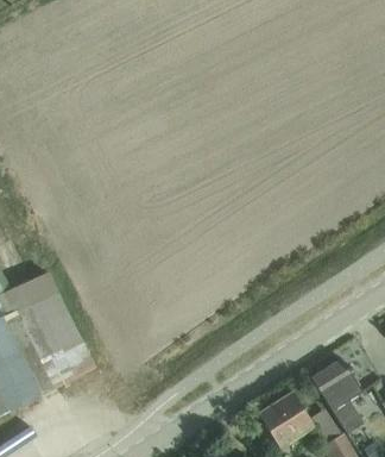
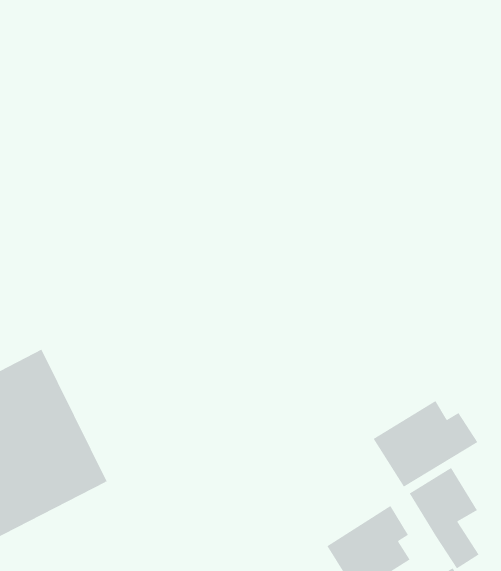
building: none -> [373,400,478,488]

